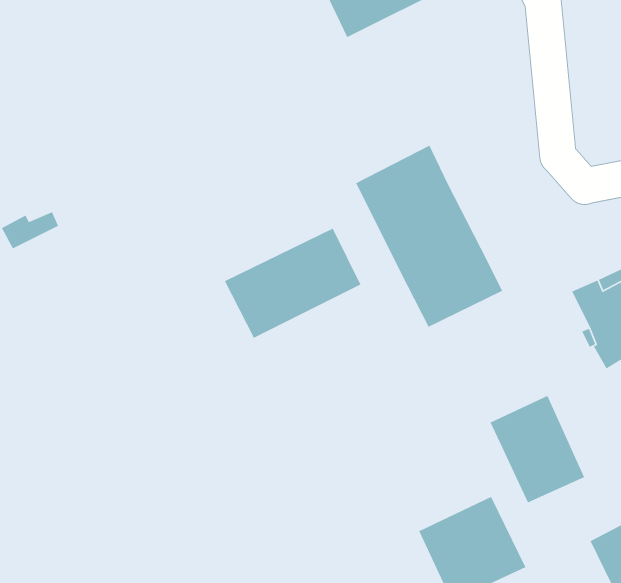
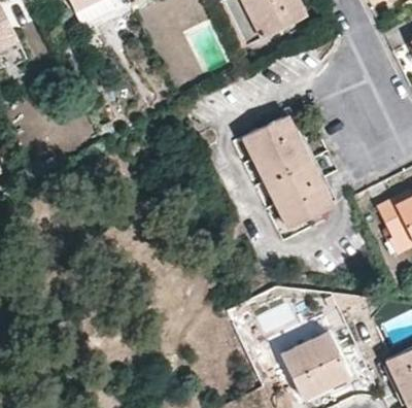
building: [224,227,361,339] -> none
building: [490,395,585,503] -> none

